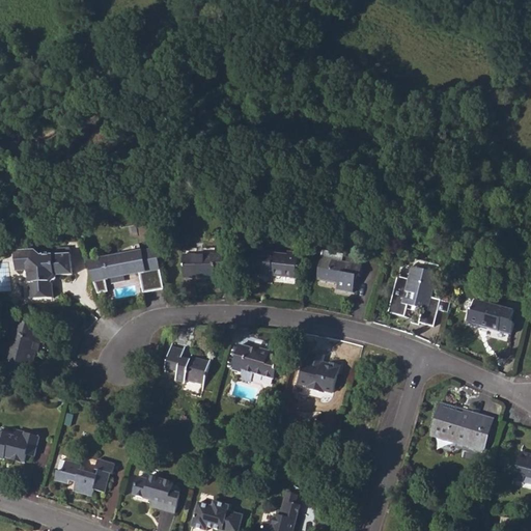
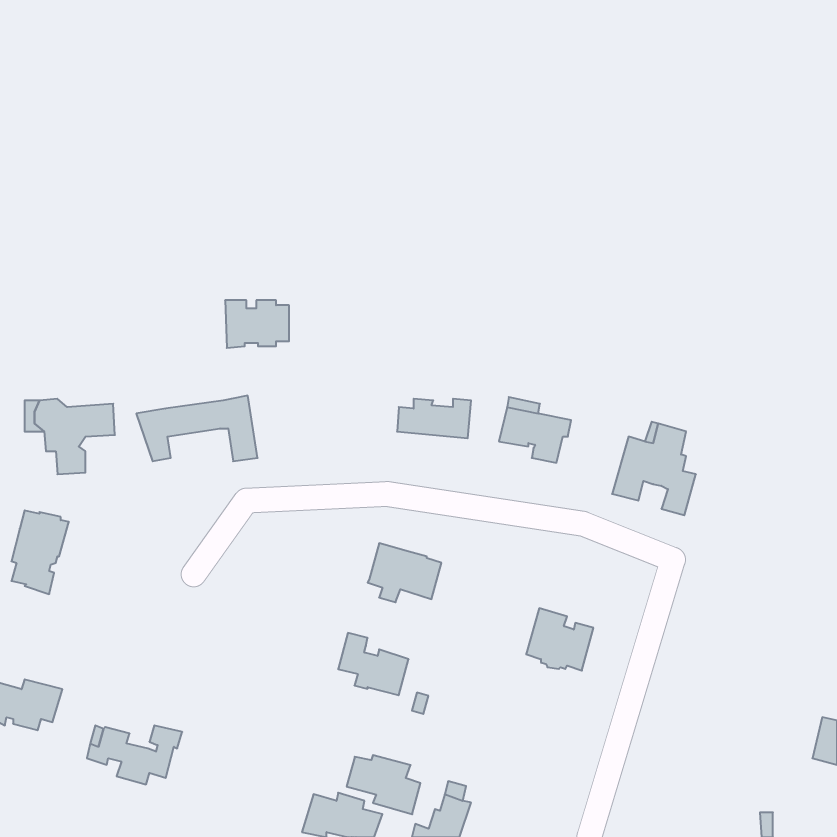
building: [183,248,223,278] -> [225,300,289,348]
building: [464,298,511,333] -> none
building: [165,345,209,385] -> [338,633,409,695]
building: [297,353,339,392] -> [526,608,593,671]
building: [432,403,491,447] -> none
building: [133,474,179,511] -> [347,755,420,814]

